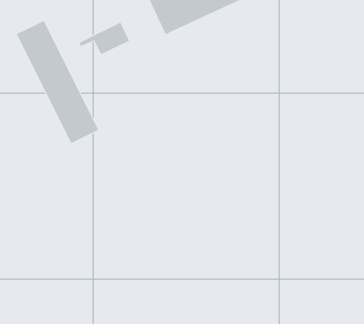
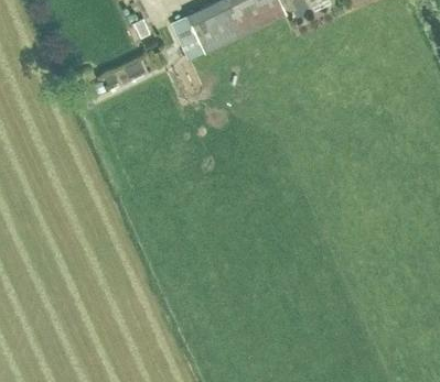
building: [16,20,99,144] -> none

